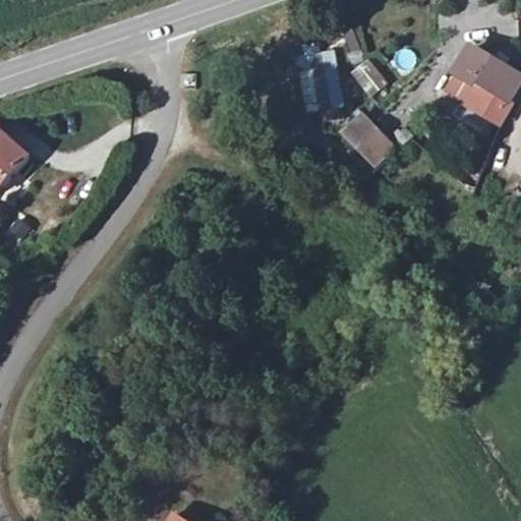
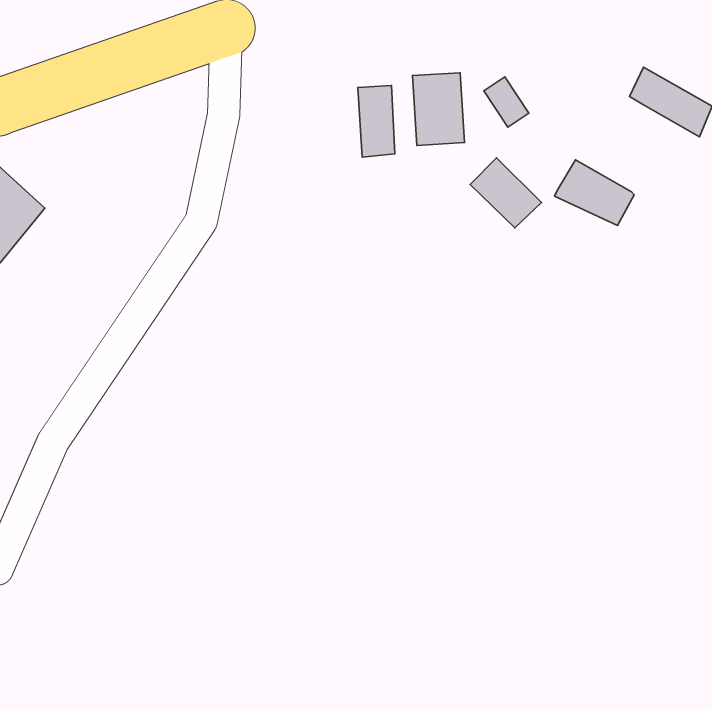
building: none -> [358,86,395,157]
building: [453,76,511,124] -> [554,160,634,226]

